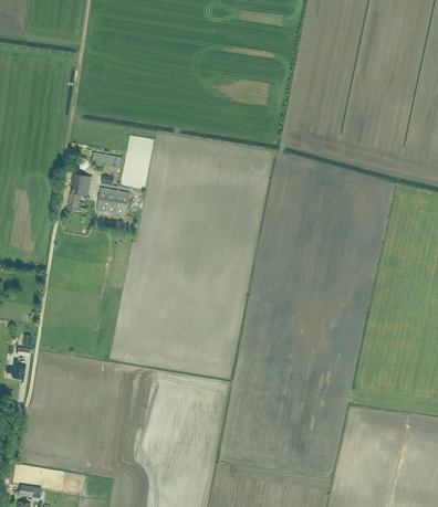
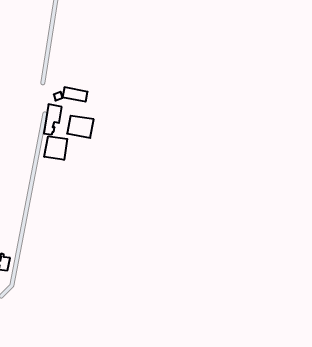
building: none -> [44,136,67,160]

